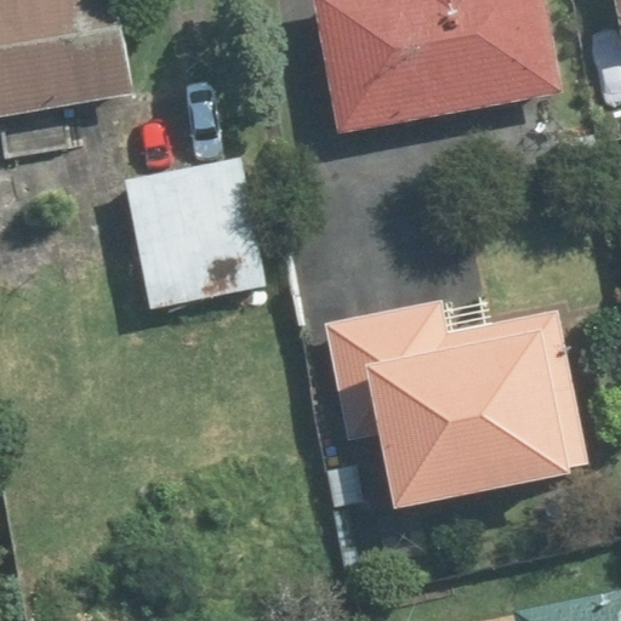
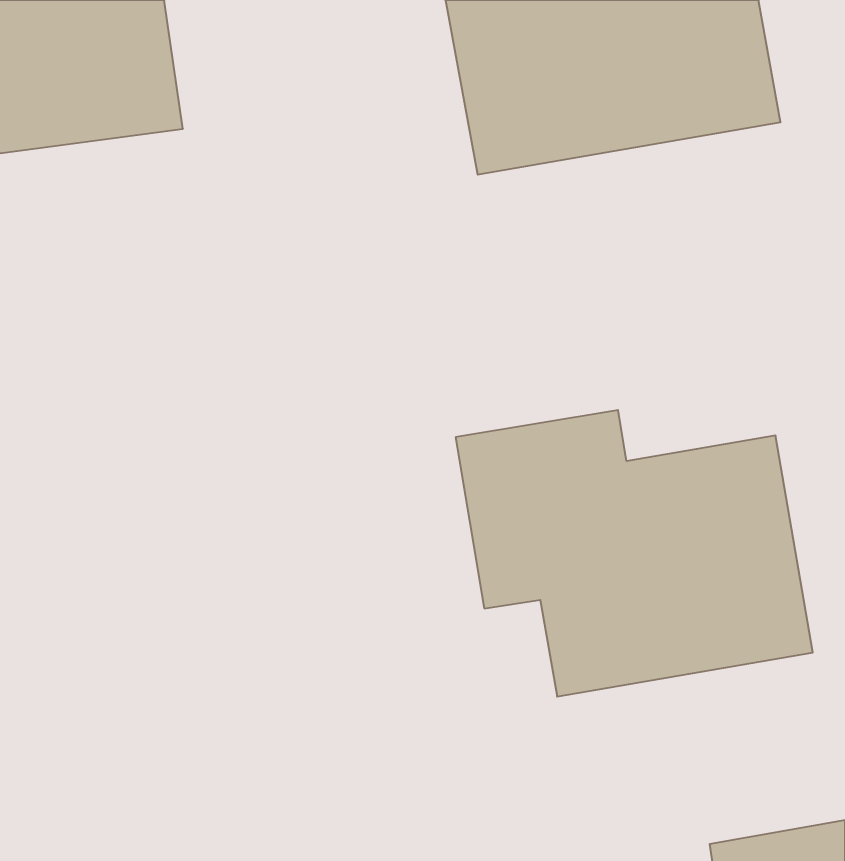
building: [126,158,263,307] -> none

